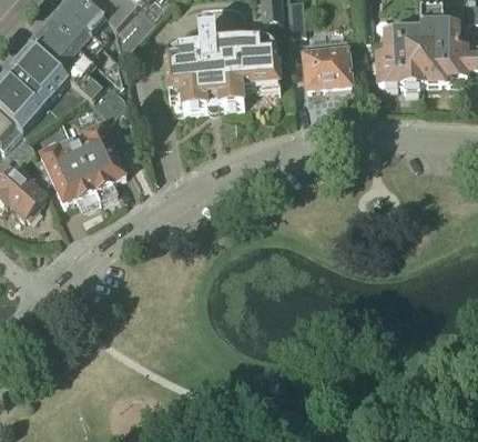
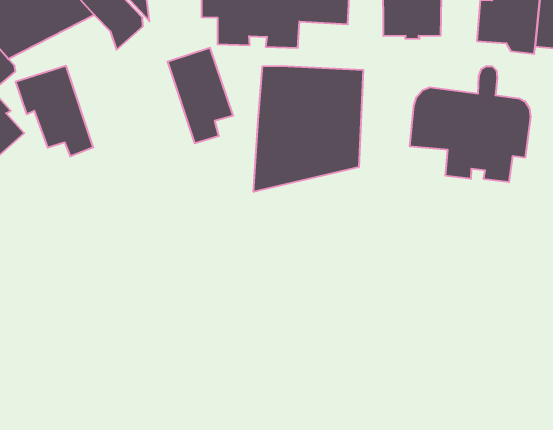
building: none -> [410,66,530,182]
building: none -> [254,66,363,192]
building: [70,123,124,197] -> [167,48,233,143]

